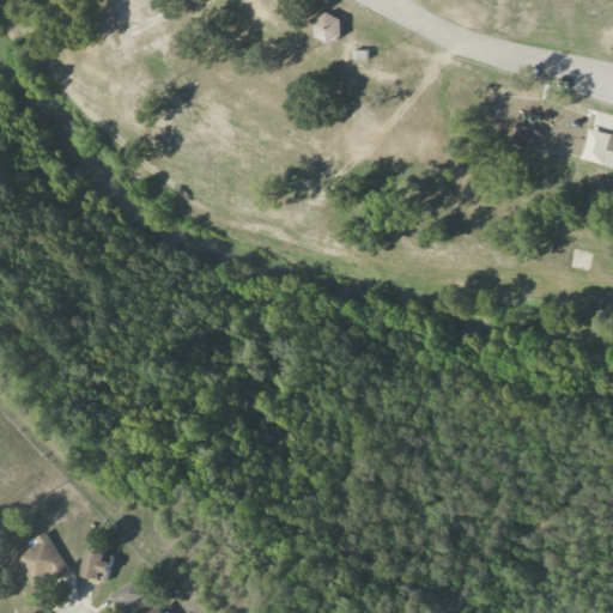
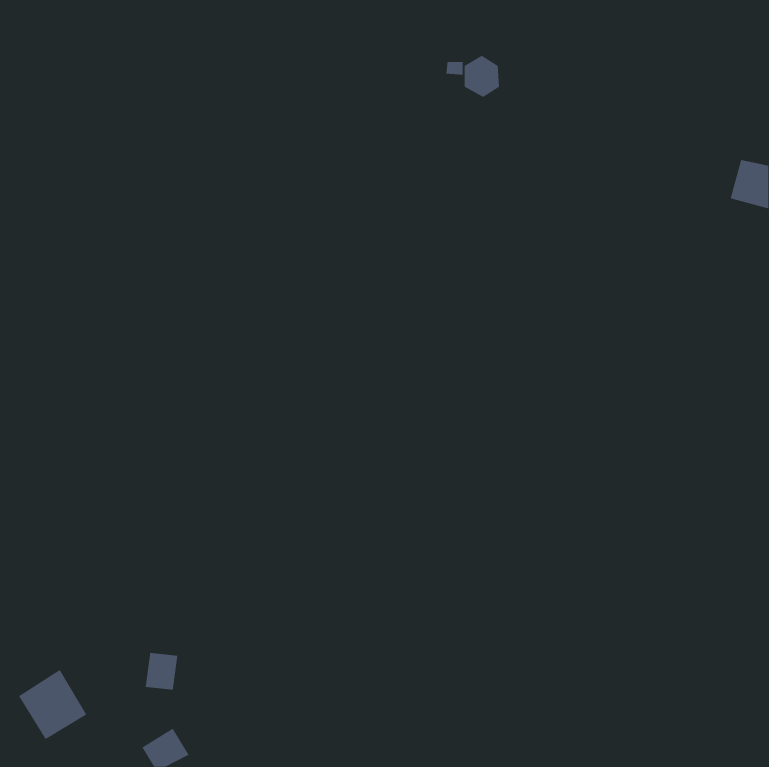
building: [314,11,342,44] -> [464,55,500,97]
building: [84,551,110,581] -> [145,653,178,690]

